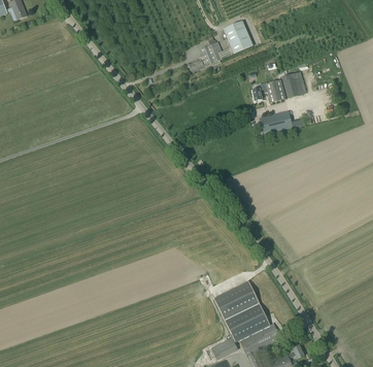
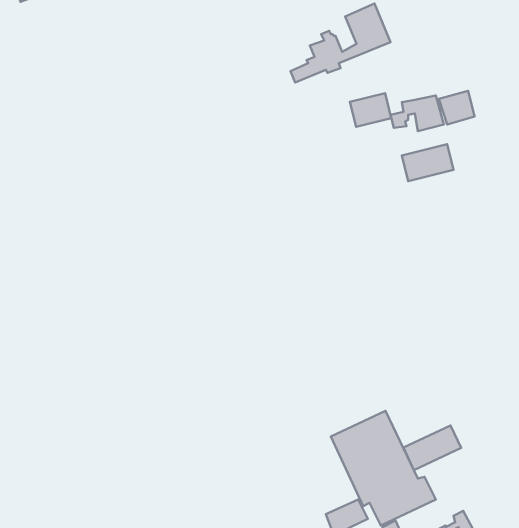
building: none -> [350,93,391,127]
building: none -> [403,425,461,470]

